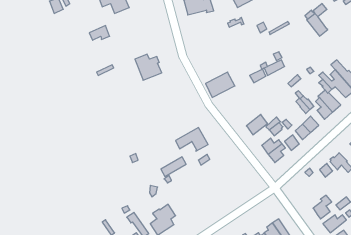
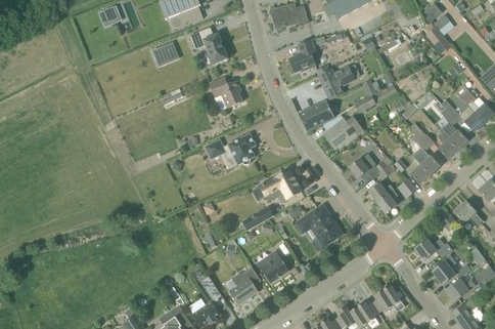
building: none -> [189,27,227,64]
building: none -> [288,39,315,72]
building: none -> [318,66,355,98]
building: none -> [323,117,362,149]
building: none -> [205,133,256,164]
building: none -> [297,206,341,246]
building: none -> [413,239,452,259]
building: none -> [260,254,288,283]

